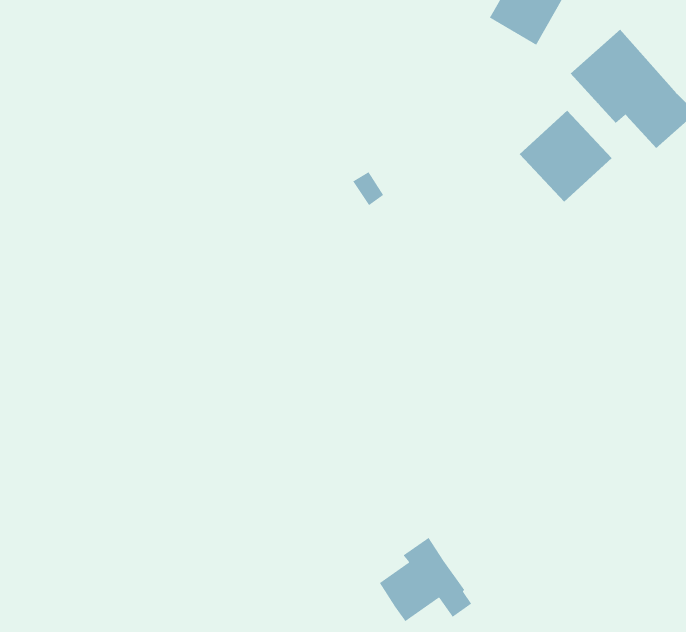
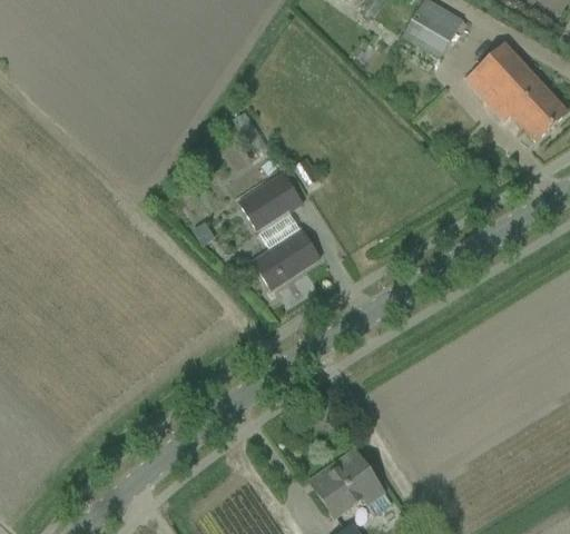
building: [519,110,612,203] -> none
building: none -> [239,172,320,289]

